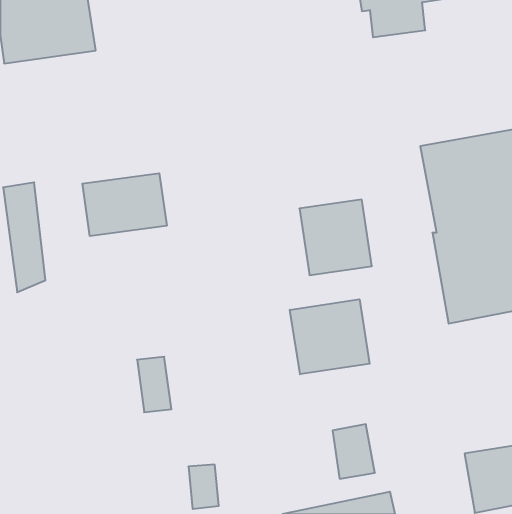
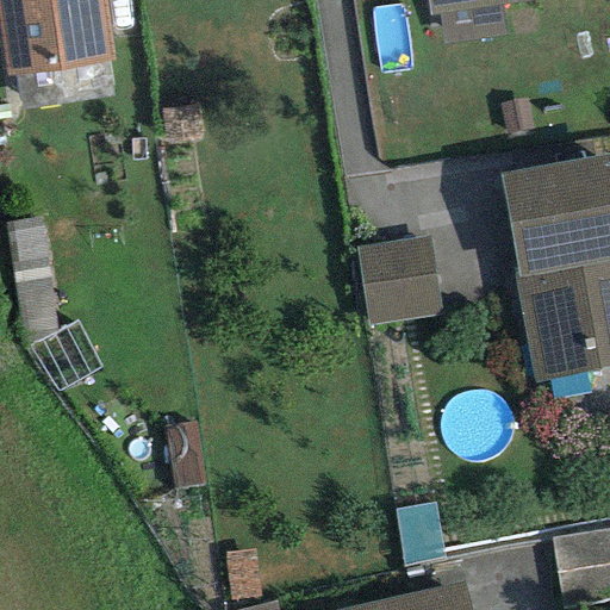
building: [82,173,167,236] -> none
building: [290,299,370,374] -> none

